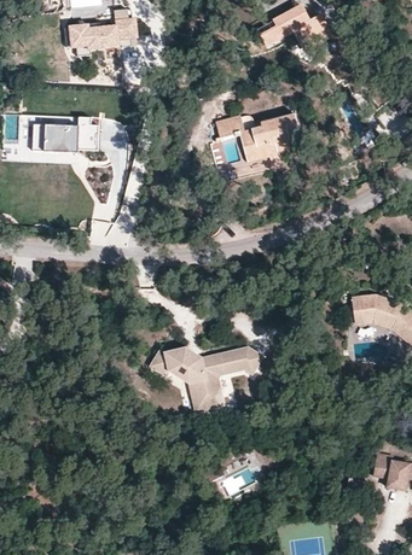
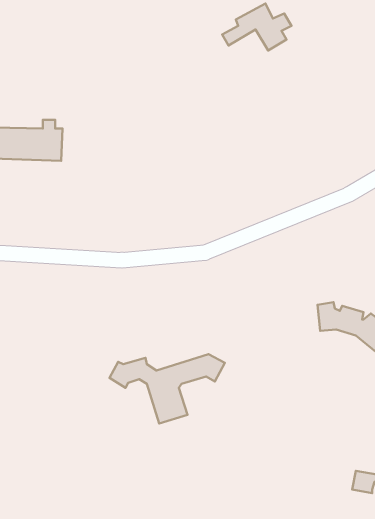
building: [70,23,137,57] -> none
building: [214,112,296,160] -> none

